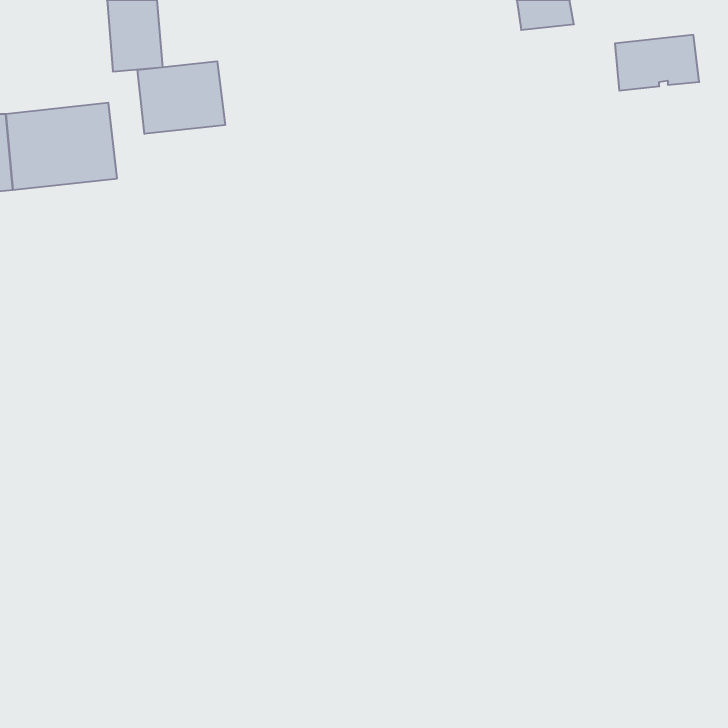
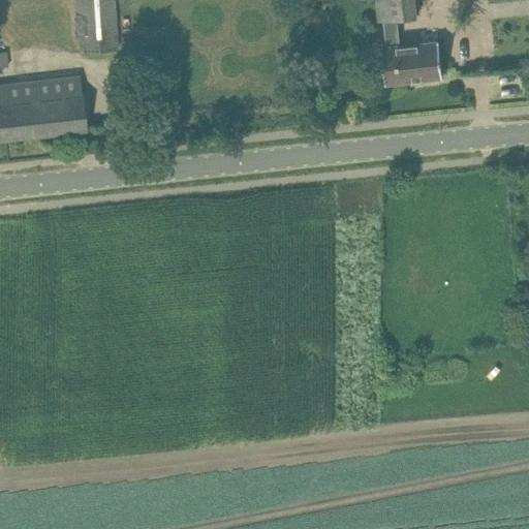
building: [615,35,699,91] -> [381,42,442,83]
building: [138,61,225,134] -> none

